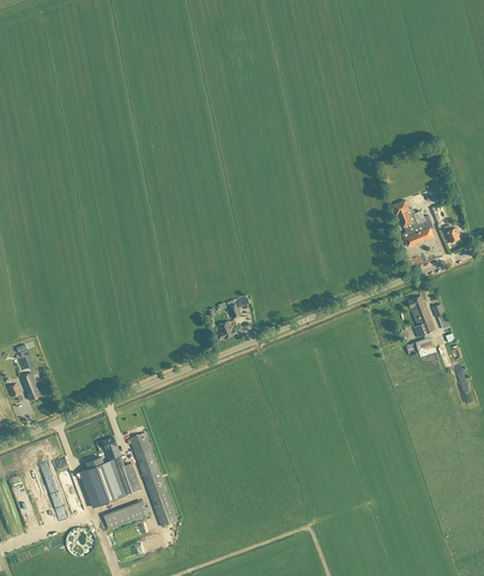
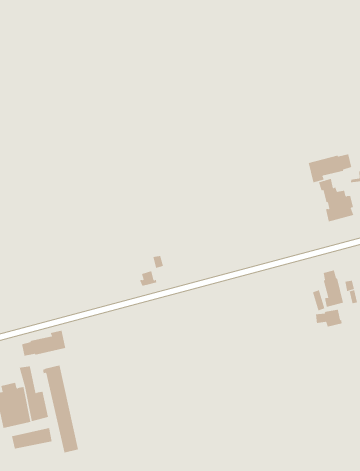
building: none -> [308,154,352,183]
building: none -> [22,330,66,356]

